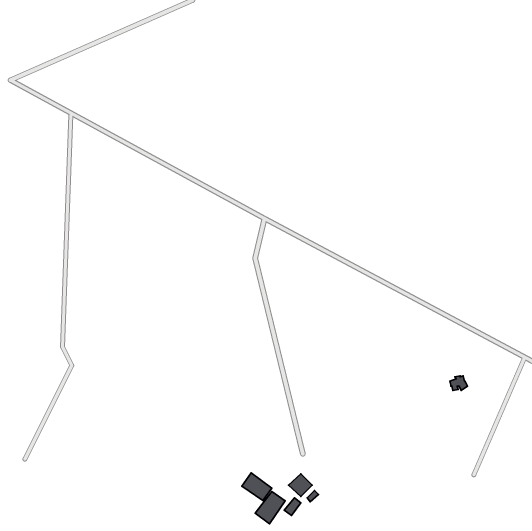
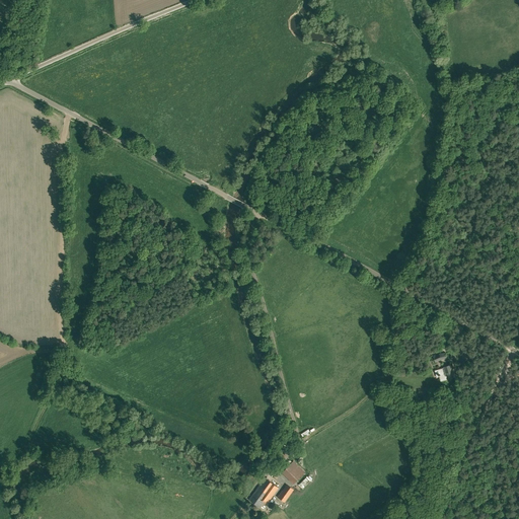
building: [242,473,272,500] -> none

